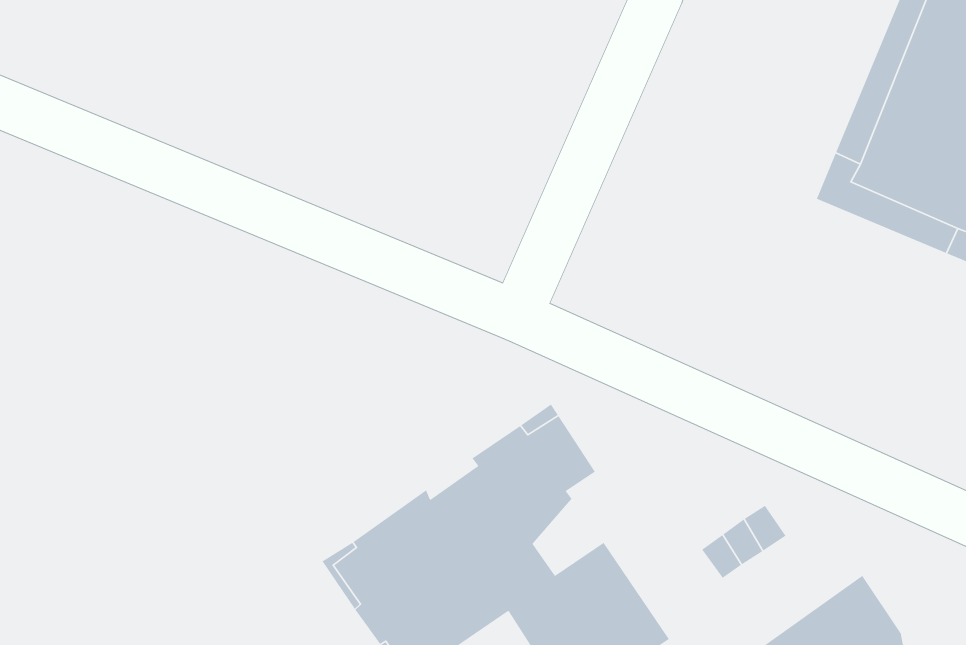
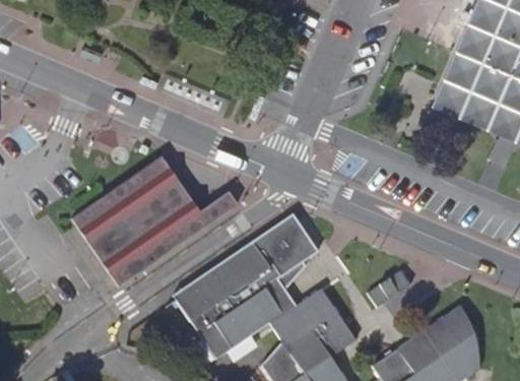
building: none -> [73,157,238,287]

